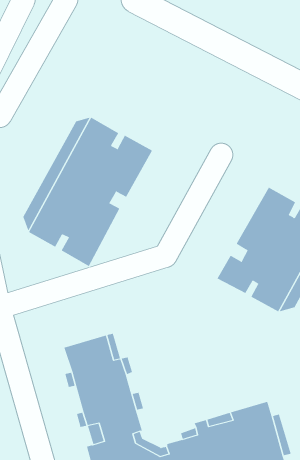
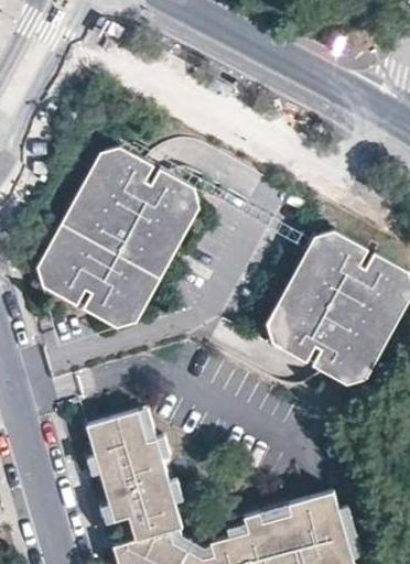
building: none -> [117,187,199,328]
building: none -> [267,231,334,343]

